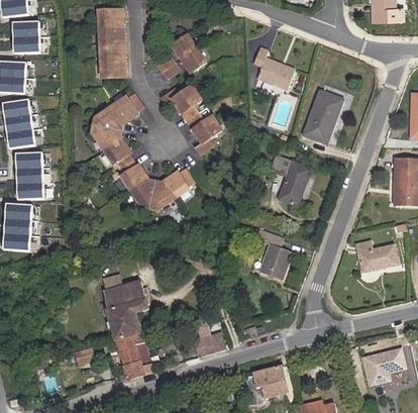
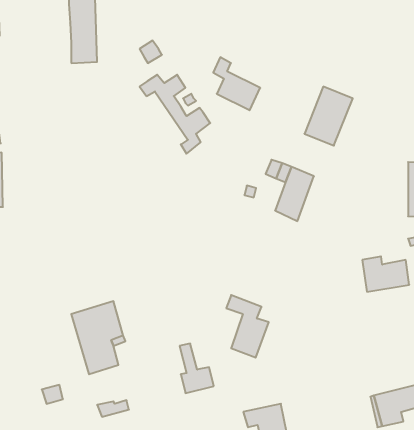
building: [175,34,206,70] -> none
building: [254,43,295,89] -> [213,57,260,110]
building: [94,98,192,207] -> none
building: [254,228,291,282] -> [226,295,269,358]
building: [117,333,144,368] -> none

